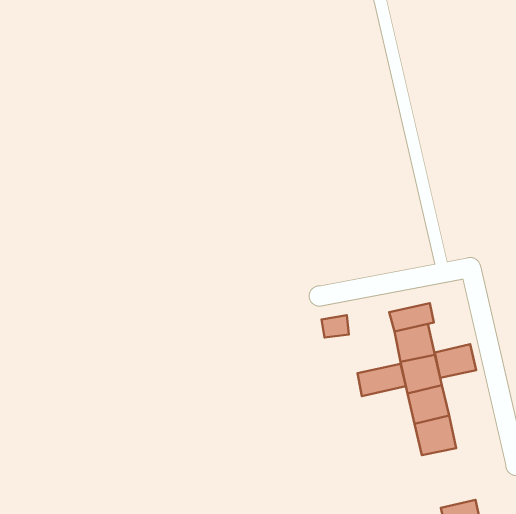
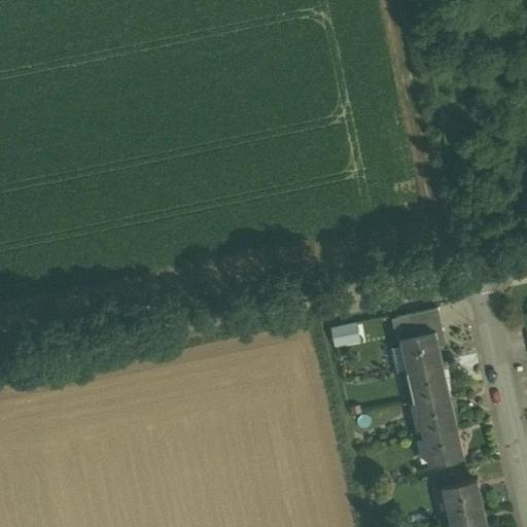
building: [435,344,476,378] -> none
building: [357,364,406,396] -> none
building: none -> [441,481,483,520]

